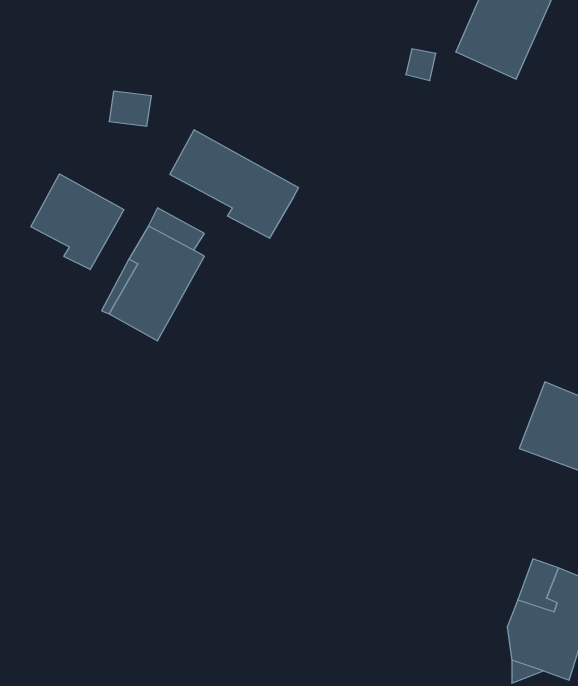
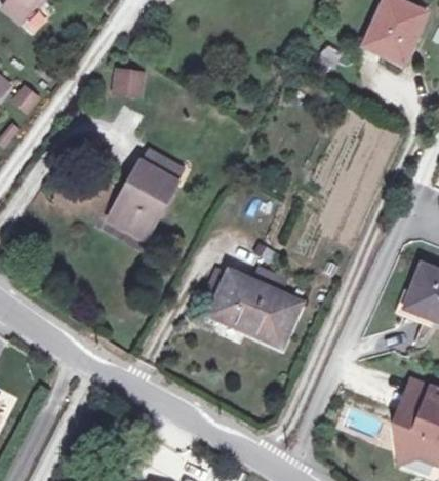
building: [170,130,298,238] -> none
building: [31,174,124,270] -> none
building: none -> [199,275,290,350]

